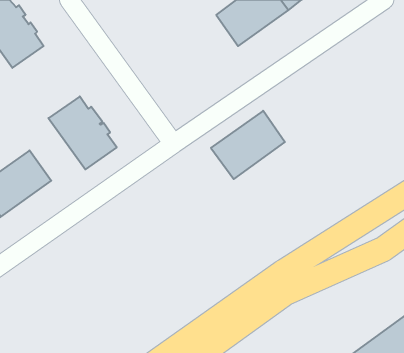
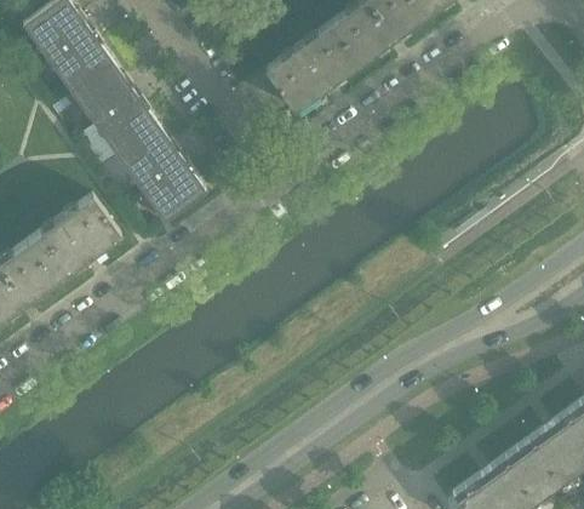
building: none -> [71,63,158,155]
building: [211,111,285,179] -> [265,23,360,110]

